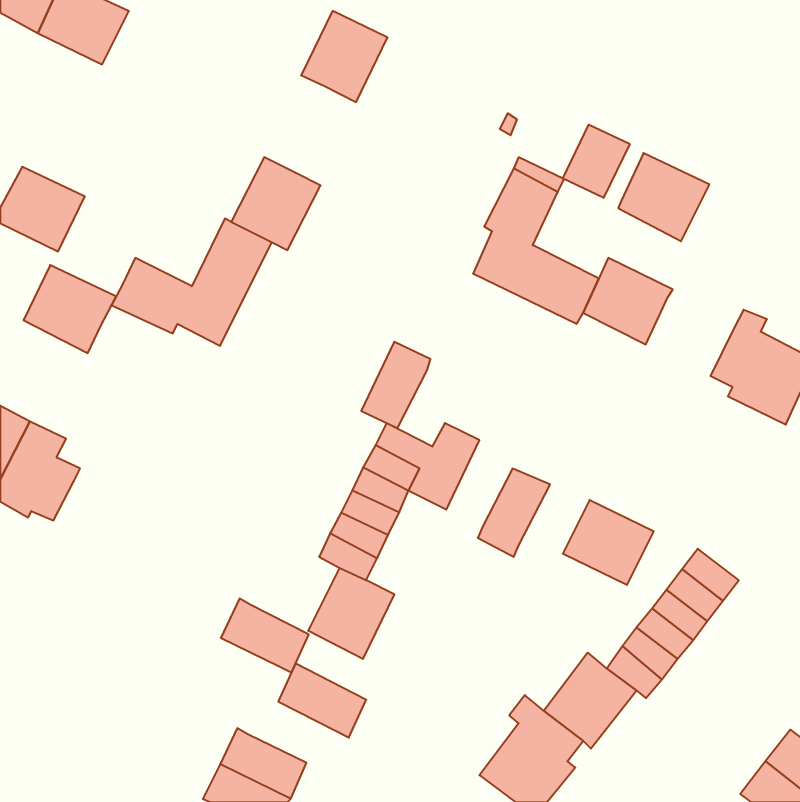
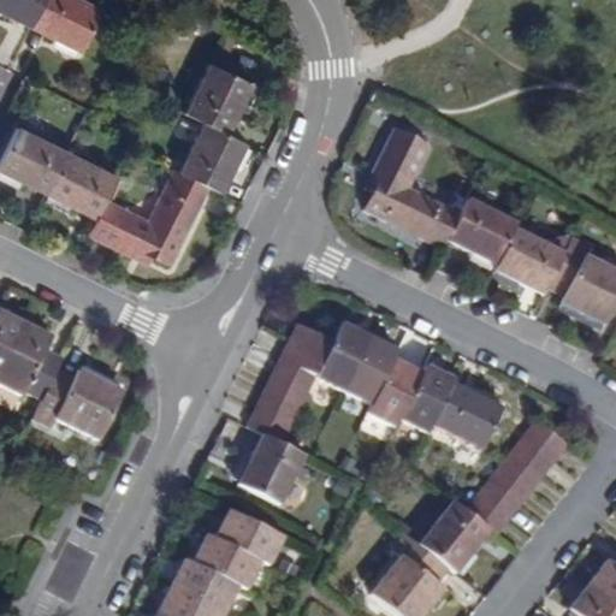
building: [301,11,388,102] -> [186,63,253,132]
building: [563,125,630,198] -> none
building: [618,153,709,241] -> [494,227,564,295]
building: [23,265,116,353] -> [47,150,118,218]
building: [361,342,430,428] -> [344,337,397,403]
building: none -> [399,363,456,433]
building: none -> [34,368,124,440]
building: [221,598,309,672] -> [192,532,260,588]

